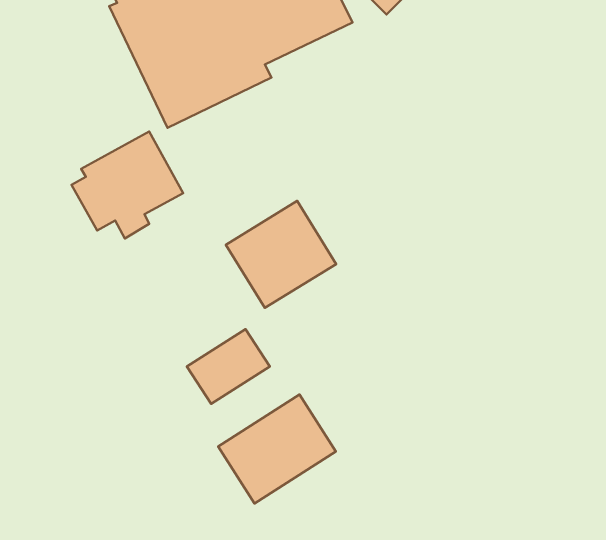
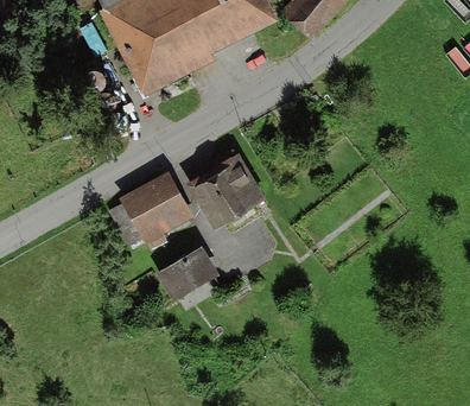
building: [71,131,183,238] -> [110,171,192,249]
building: [218,394,336,503] -> none

